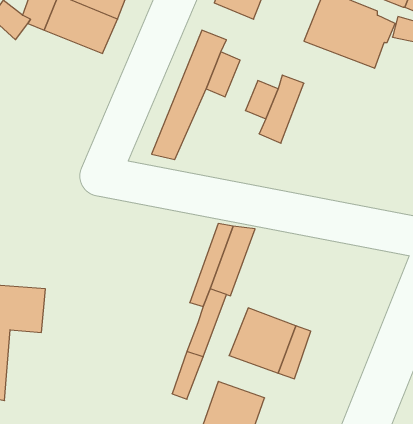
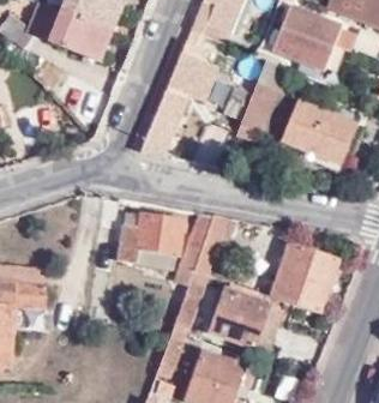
building: none -> [282,100,357,163]
building: none -> [120,217,181,261]
building: none -> [269,241,341,314]

